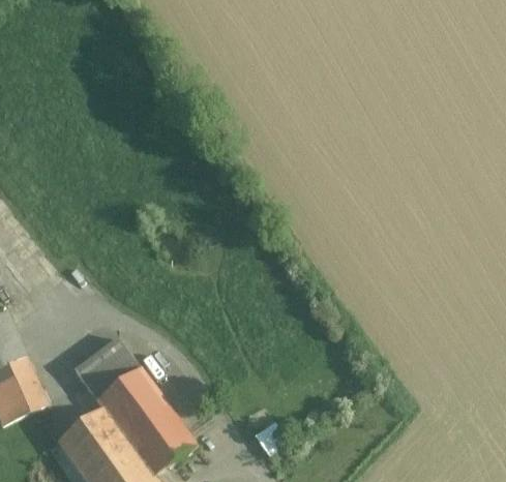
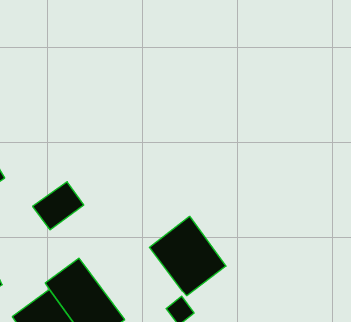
building: none -> [149,216,226,296]
building: [75,339,139,399] -> [33,182,84,230]

